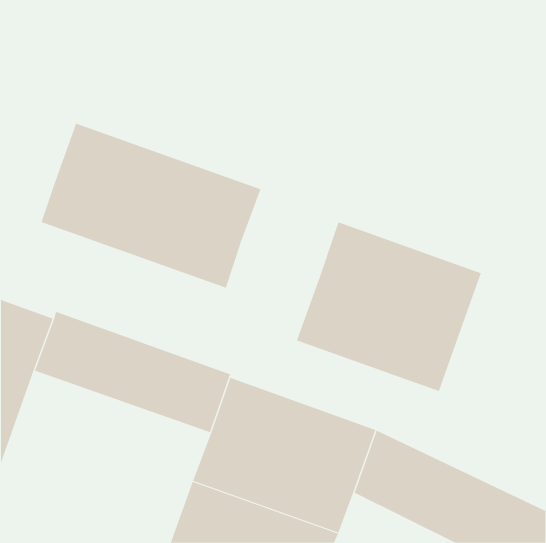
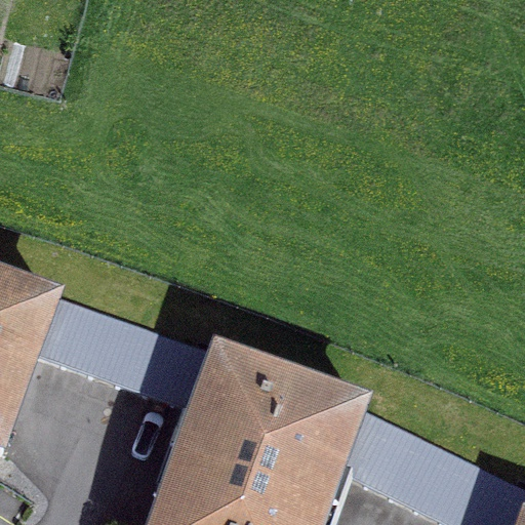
building: [41,123,261,289] -> none
building: [296,222,481,392] -> none

